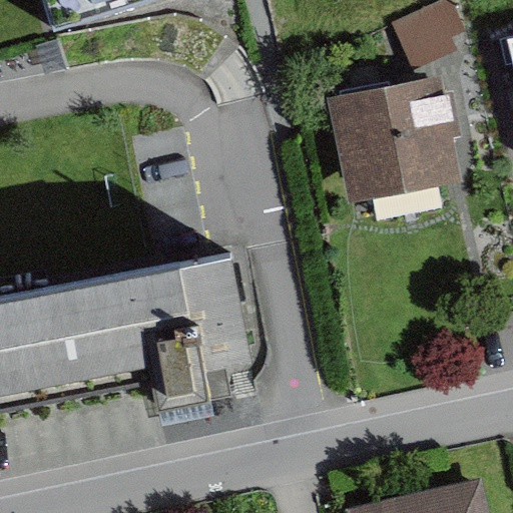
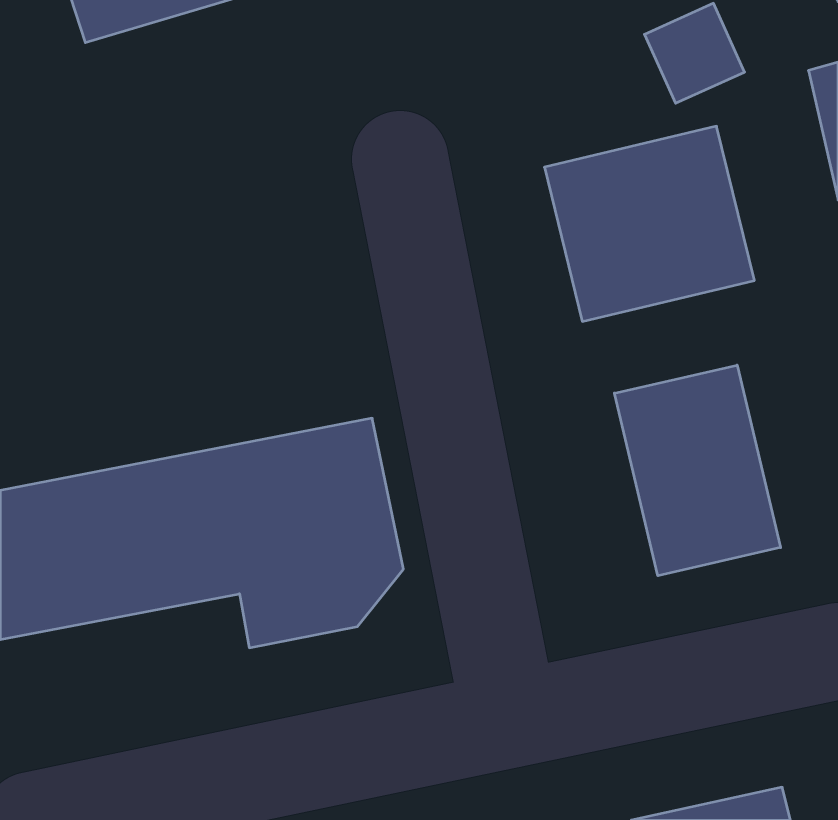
building: none -> [614,365,781,576]

